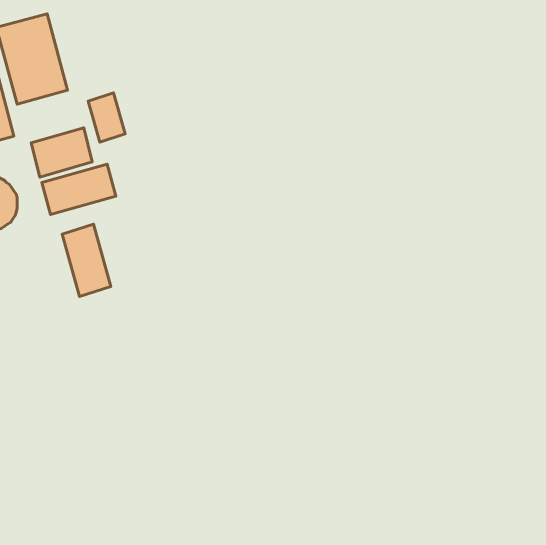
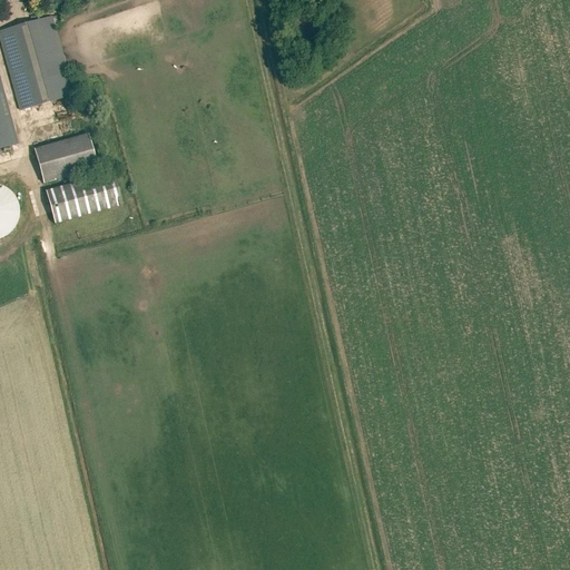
building: [88,93,125,142] -> none
building: [62,224,111,297] -> none

